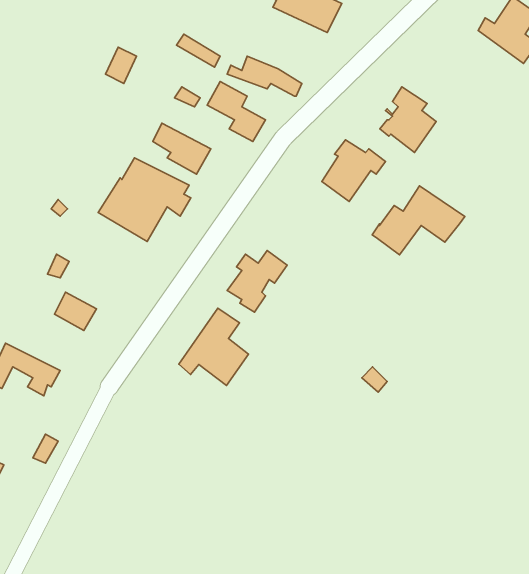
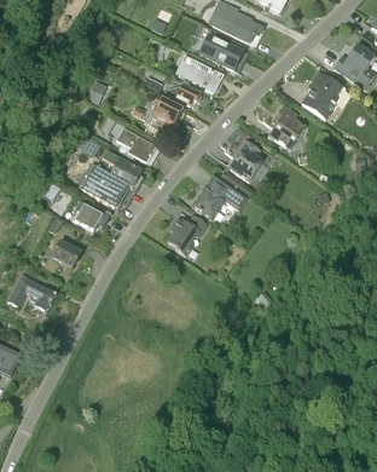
building: none -> [175,57,224,91]
building: none -> [303,70,344,119]
building: [372,186,465,255] -> [192,172,254,218]
building: none -> [72,202,111,231]
building: [179,308,248,386] -> none

